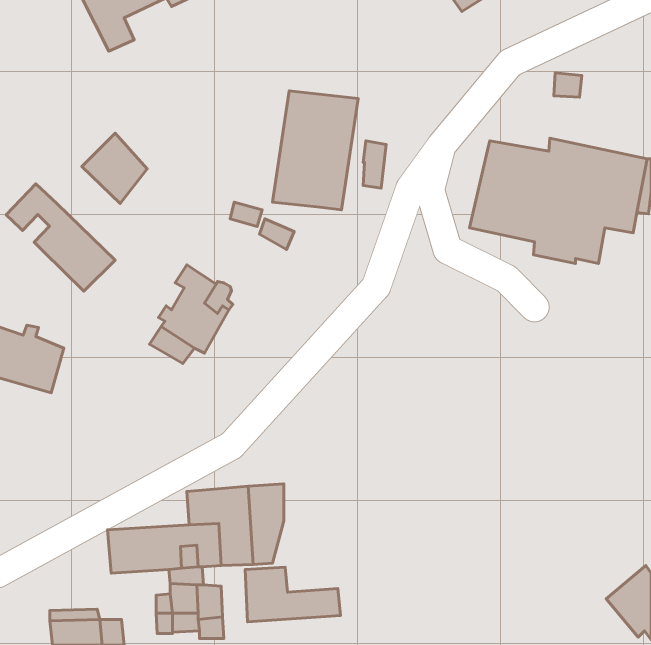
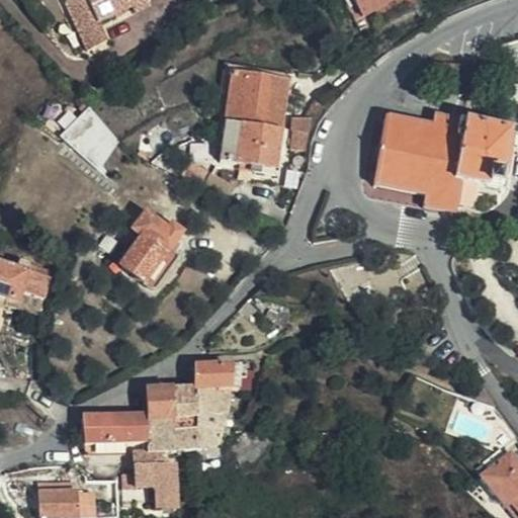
building: [6,184,115,291] -> none
building: none -> [194,362,237,384]
building: [245,567,341,622] -> none

